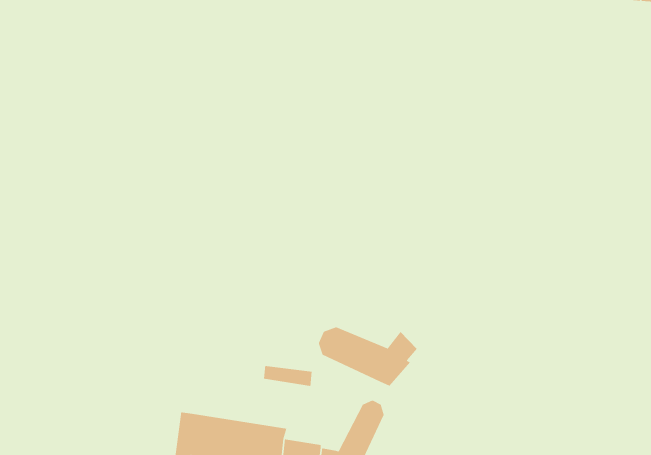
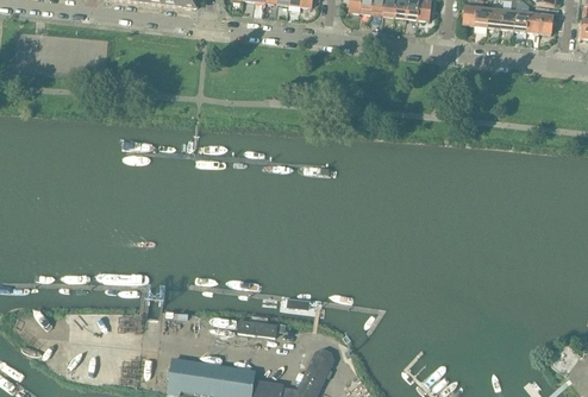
building: [318,326,418,387] -> none

